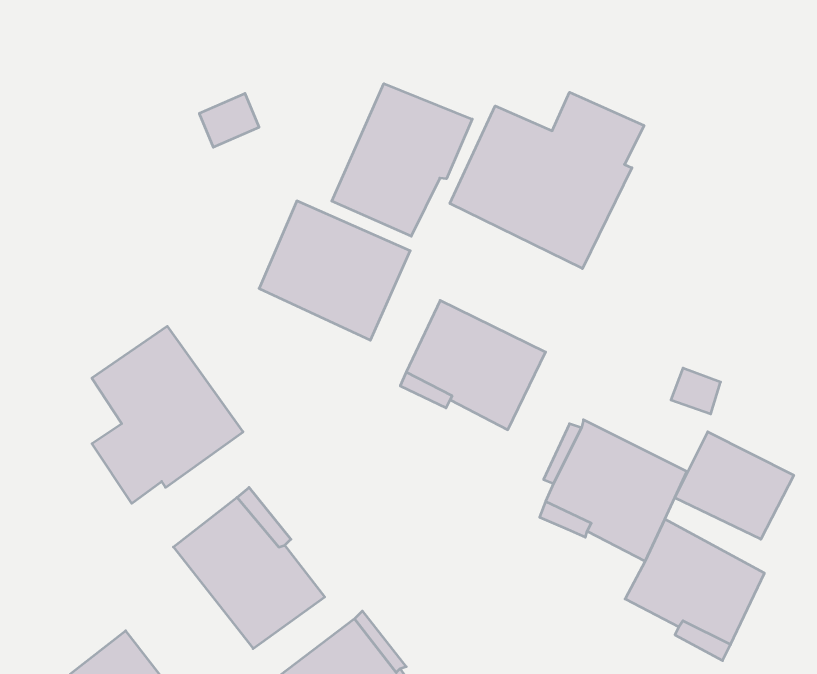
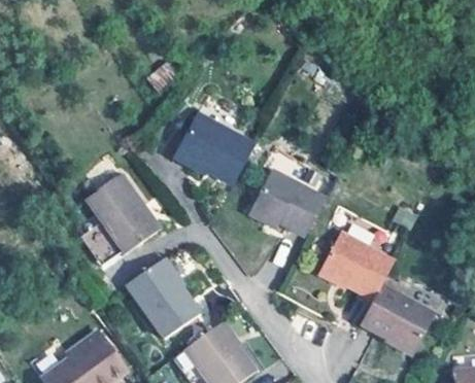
building: [332,84,472,236] -> none
building: [450,92,644,269] -> none
building: [675,432,794,539] -> none

